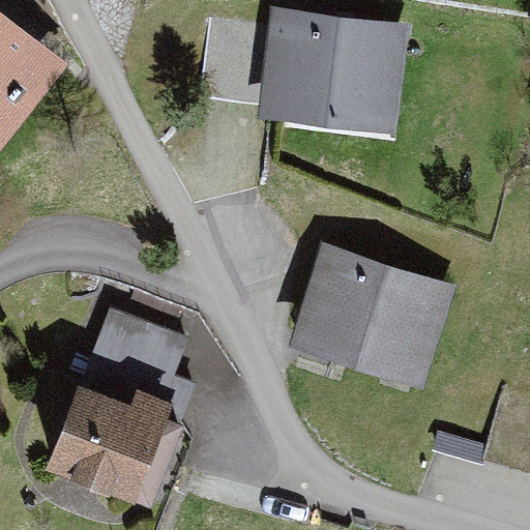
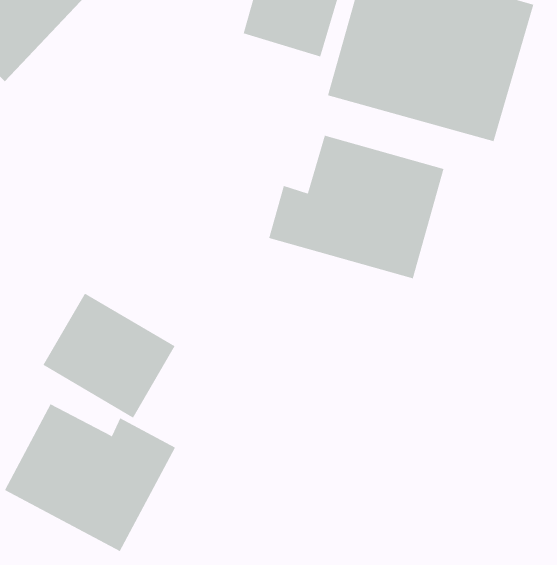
building: none -> [268,135,444,279]
building: [290,247,447,375] -> none

